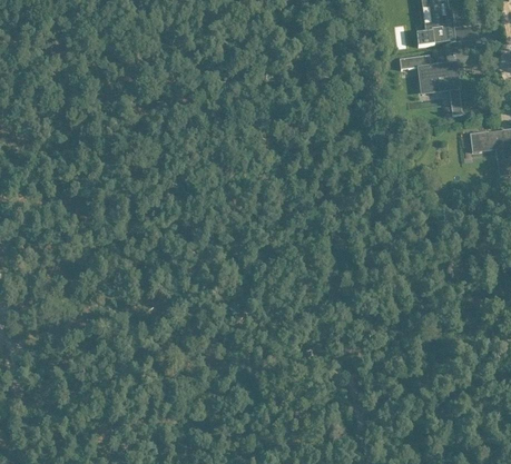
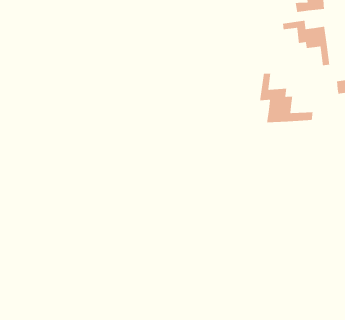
building: none -> [259,73,313,123]

